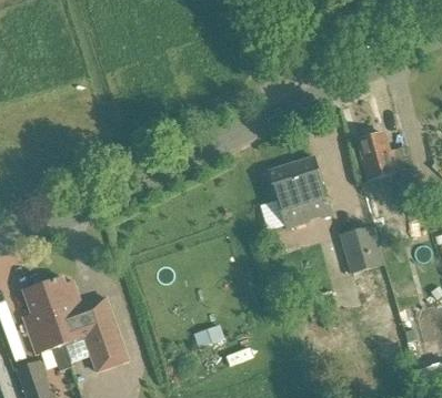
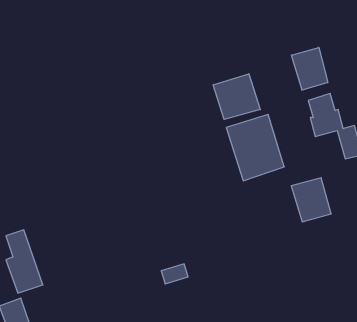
building: none -> [291,47,328,90]
building: none -> [213,74,260,119]
building: [42,277,127,370] -> none

